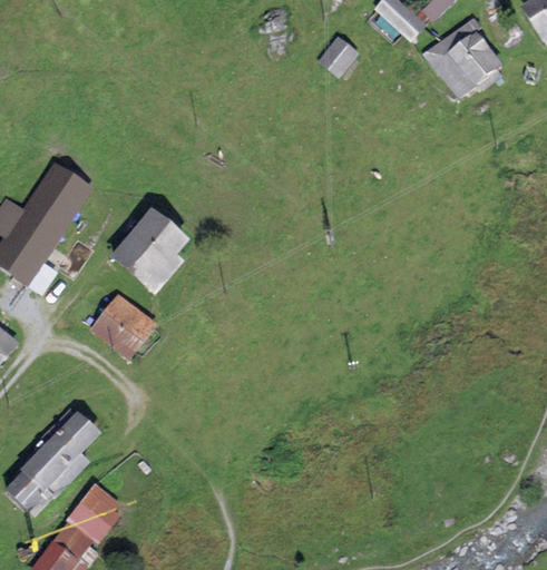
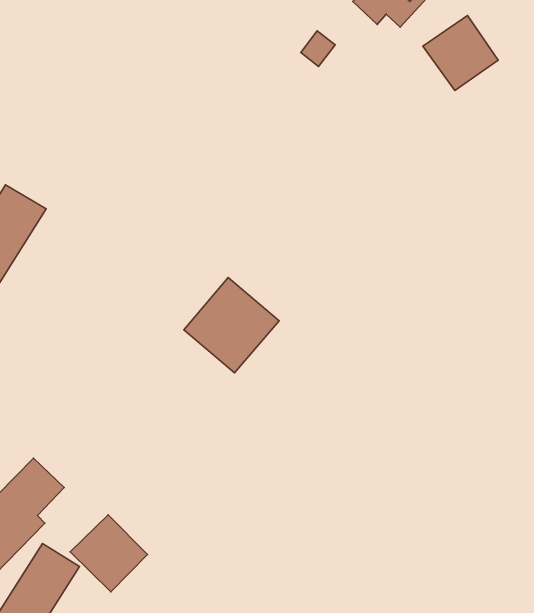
building: [117,206,201,289] -> [184,278,279,373]
building: [88,294,158,362] -> none
building: none -> [70,515,148,592]

